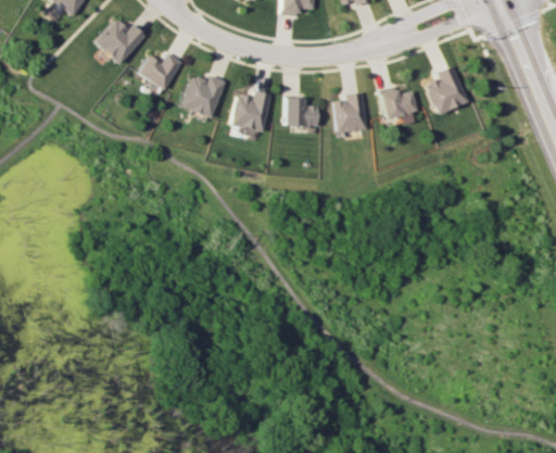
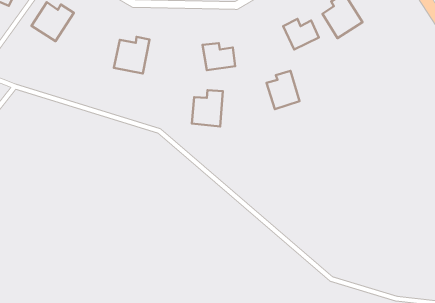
building: [139,53,182,89] -> none
building: [230,89,271,133] -> [192,90,223,126]
building: [333,92,367,133] -> [266,71,299,109]

